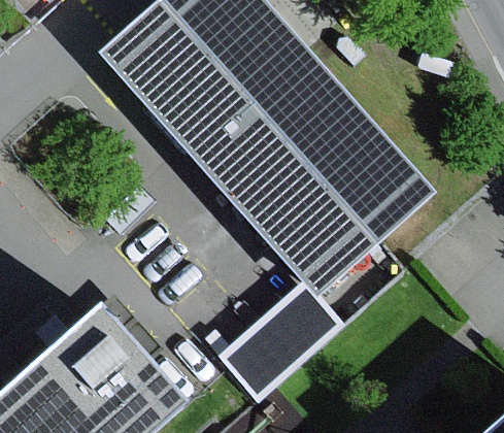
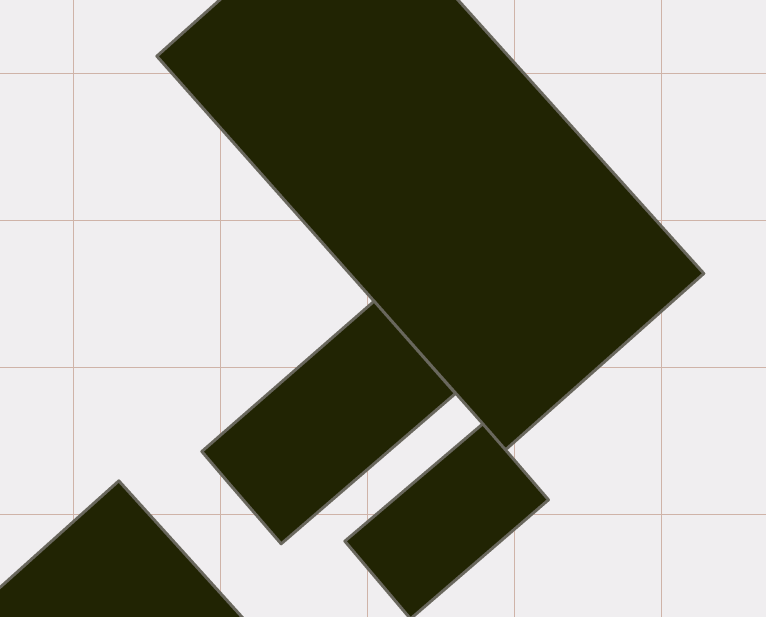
building: none -> [202,301,456,544]

